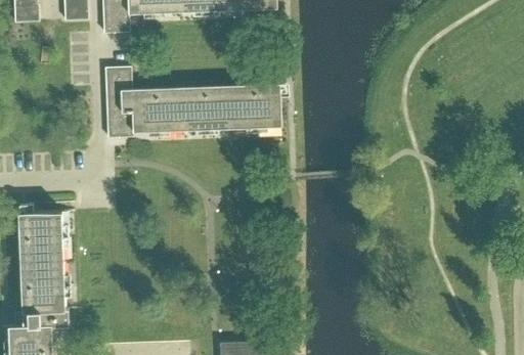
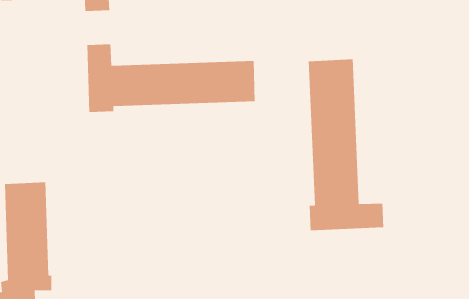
building: none -> [308,59,384,231]

